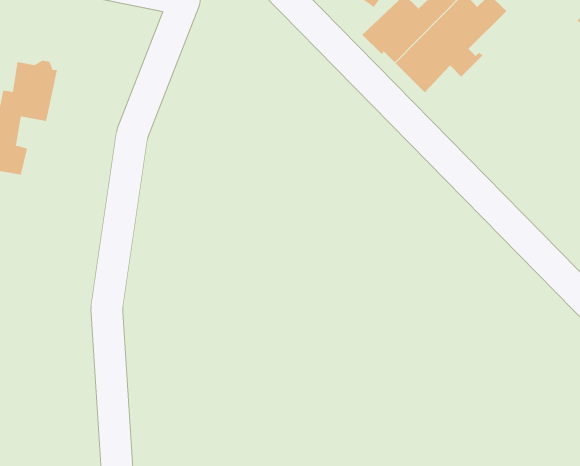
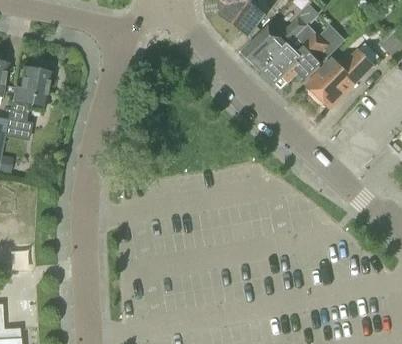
building: none -> [306,49,373,108]

